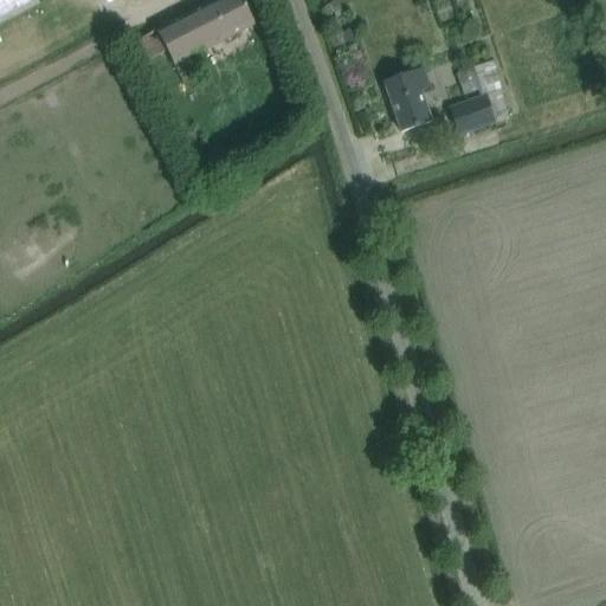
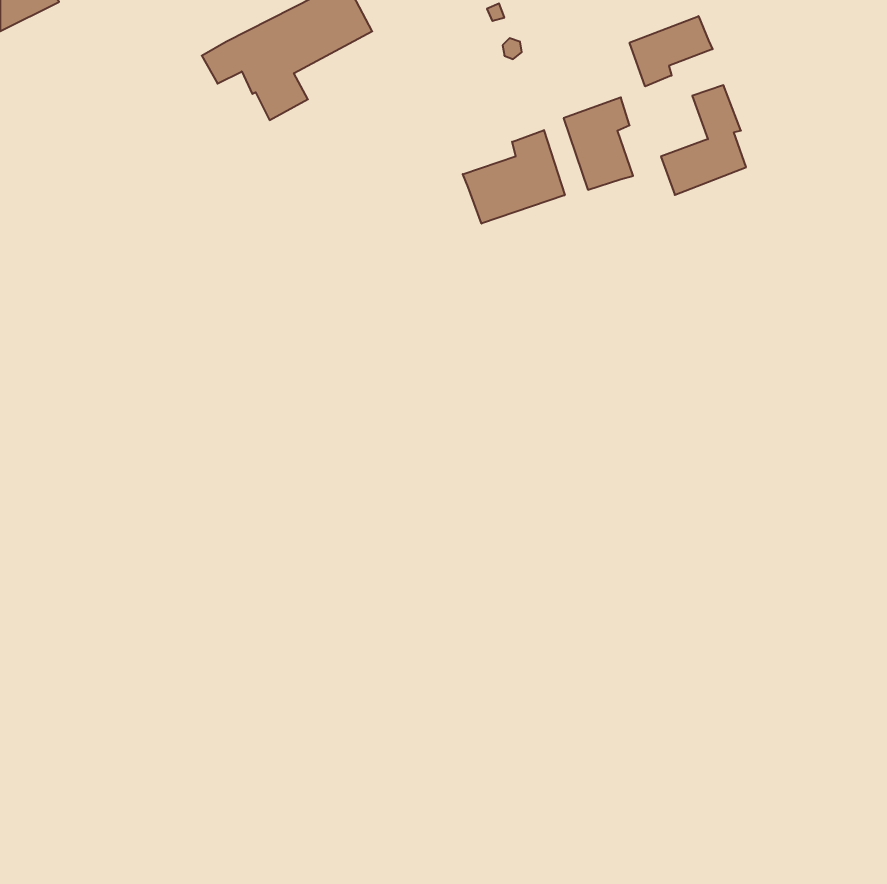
building: none -> [630,16,713,86]
building: none -> [463,130,565,224]

